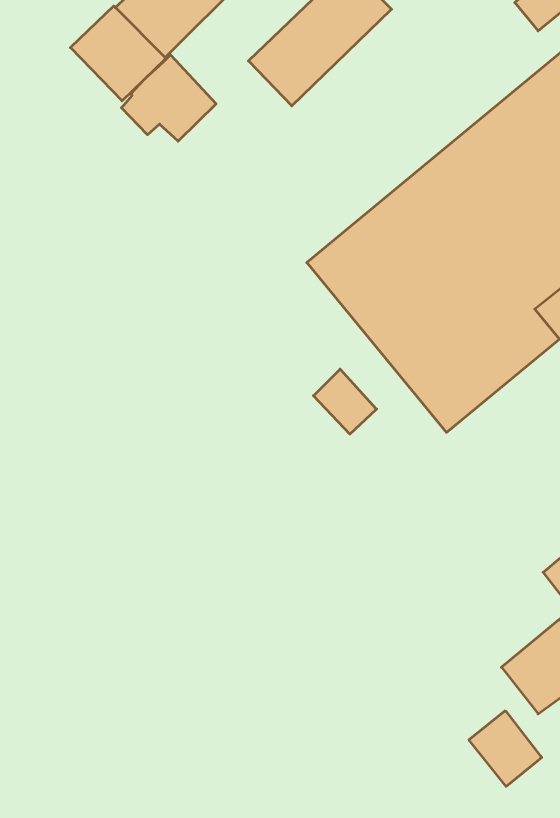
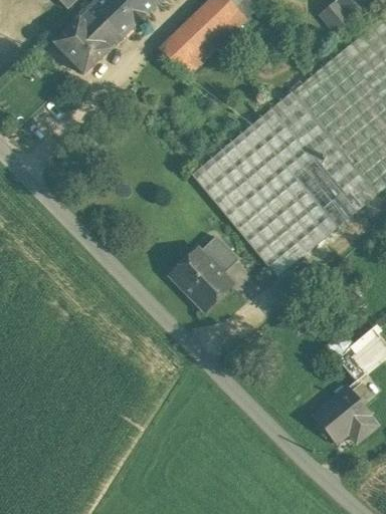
building: [121,55,216,141] -> none
building: none -> [171,248,231,309]
building: [469,711,542,786] -> none

